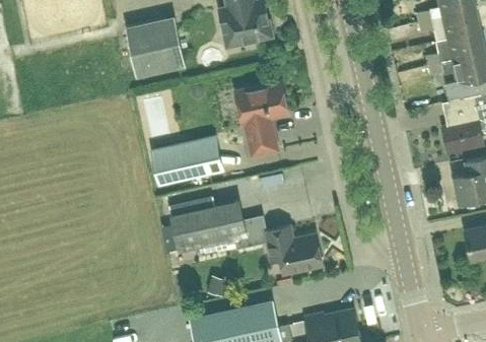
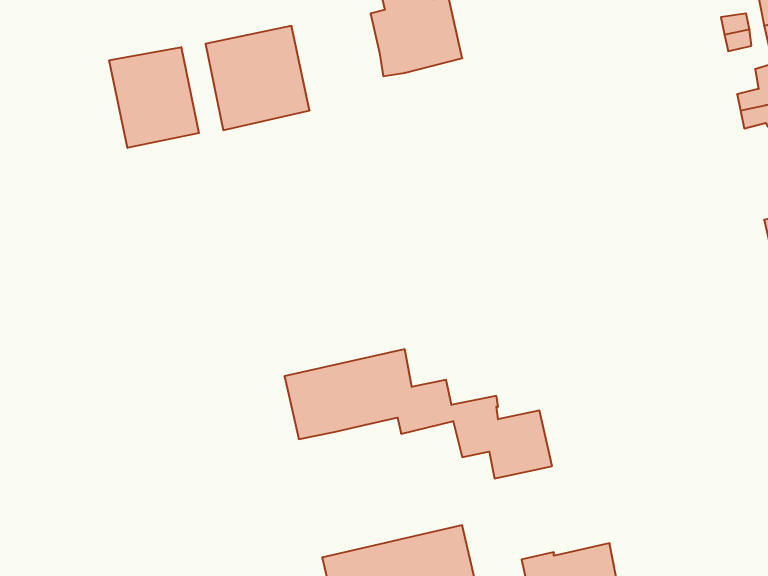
building: none -> [109,47,199,148]
building: [234,82,288,157] -> none
building: [153,138,221,186] -> none

